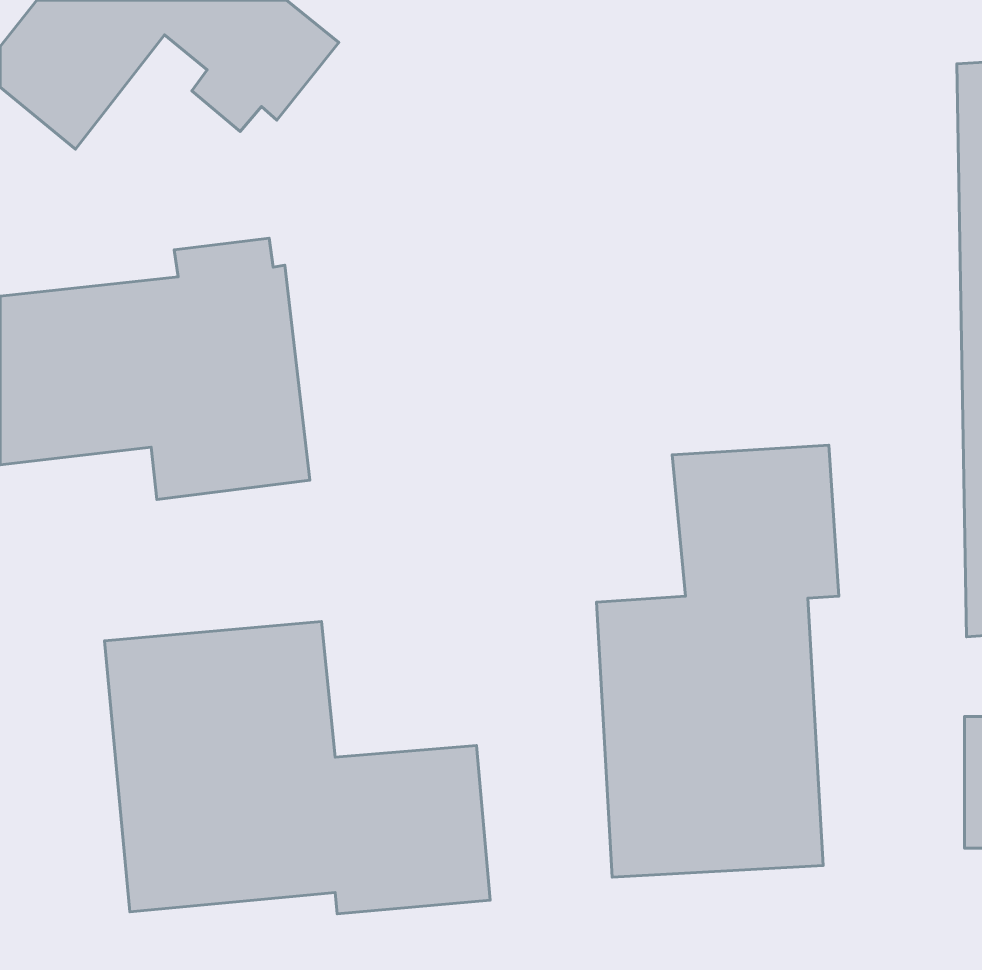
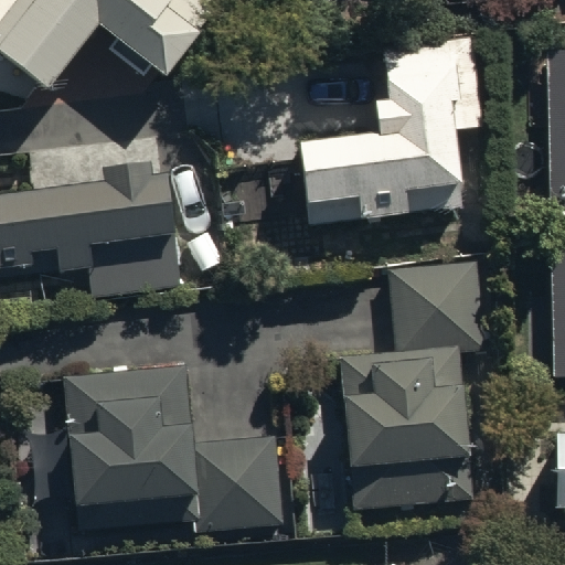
building: none -> [299,31,483,223]

